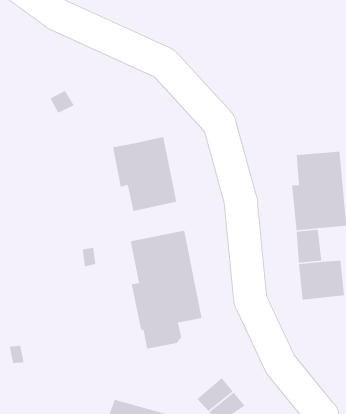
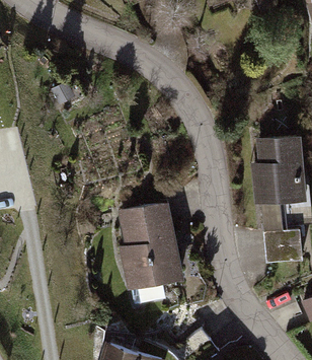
building: [112,136,177,212] -> none

